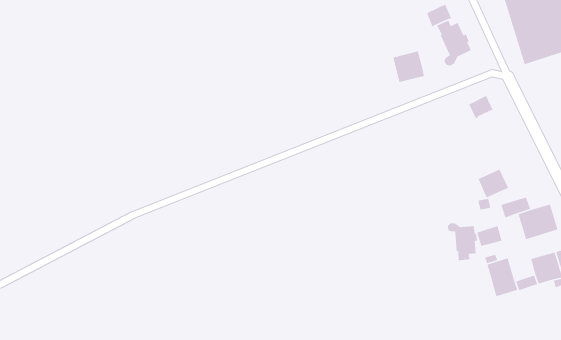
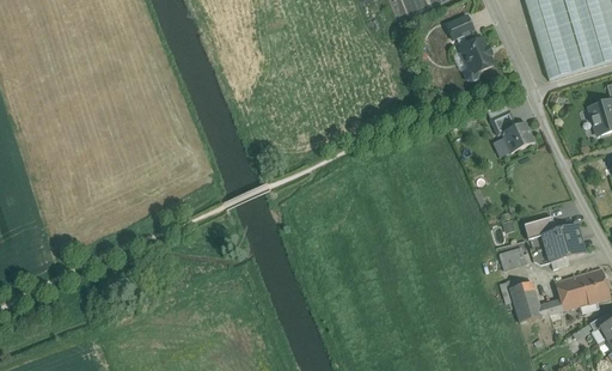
building: [393,51,425,83] -> none
building: [477,169,509,198] -> [502,122,536,153]
building: [447,223,478,261] -> none

